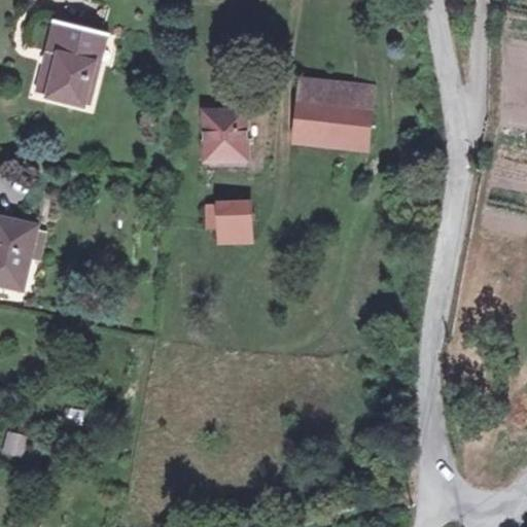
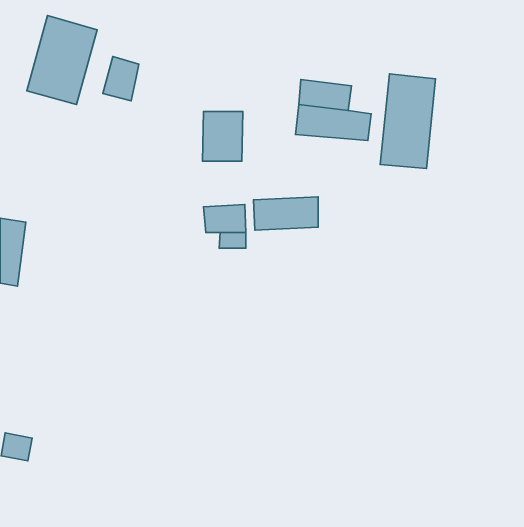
building: none -> [103,56,139,101]
building: none -> [380,74,436,168]
building: none -> [253,197,318,230]

